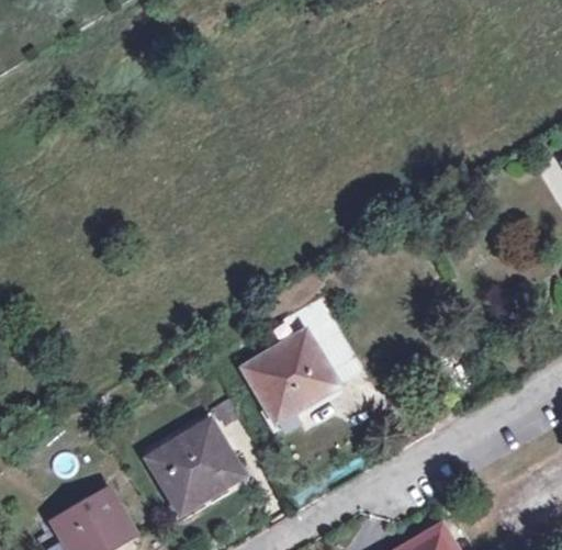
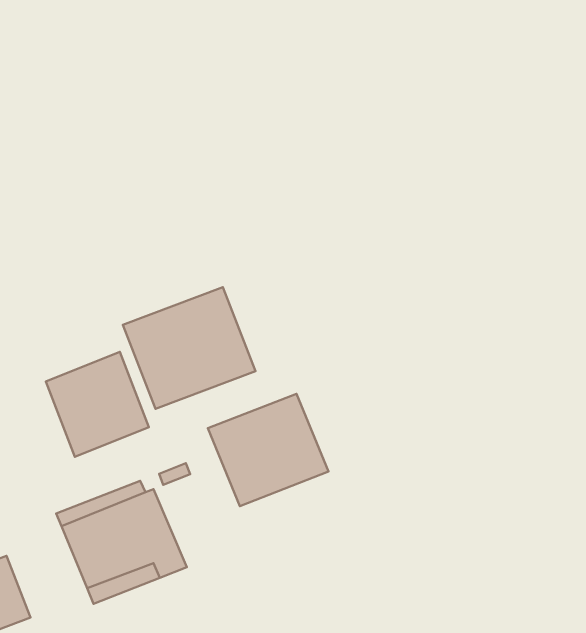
building: none -> [123,287,255,409]
building: none -> [46,352,149,457]

